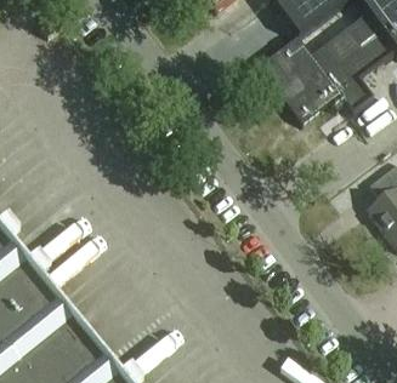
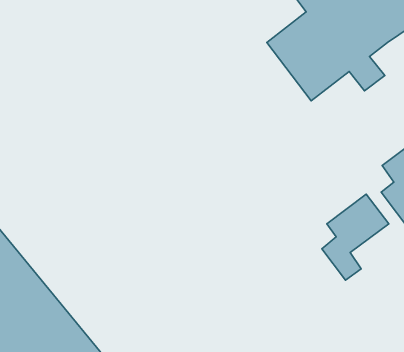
building: none -> [322,194,389,280]

